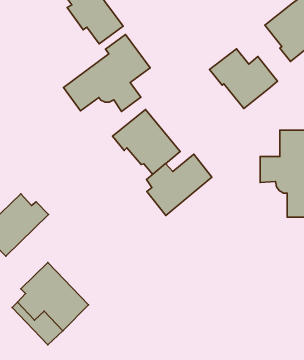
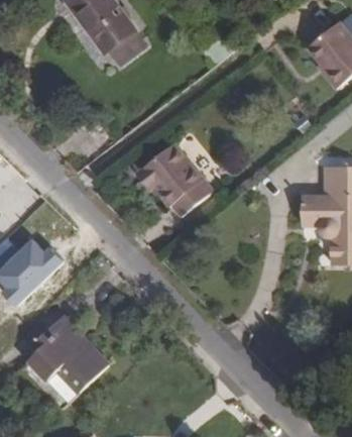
building: [63,34,150,112] -> none
building: [210,49,278,109] -> none
building: [146,154,212,215] -> none

